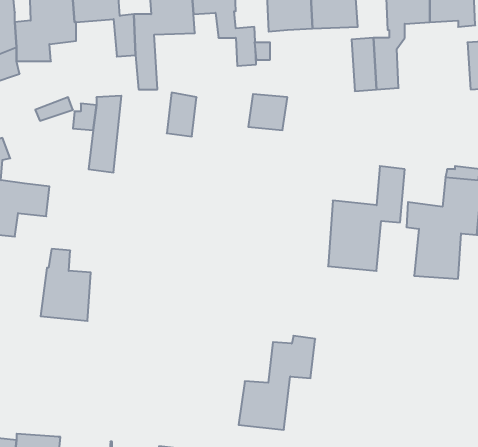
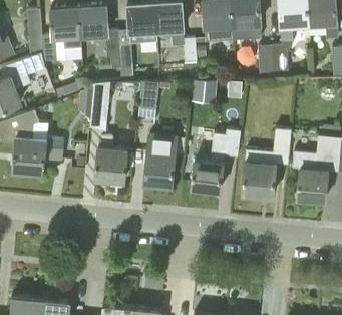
building: none -> [143,135,176,186]
building: [41,249,91,321] -> [94,134,126,181]
building: [239,336,315,430] -> [191,129,240,190]

